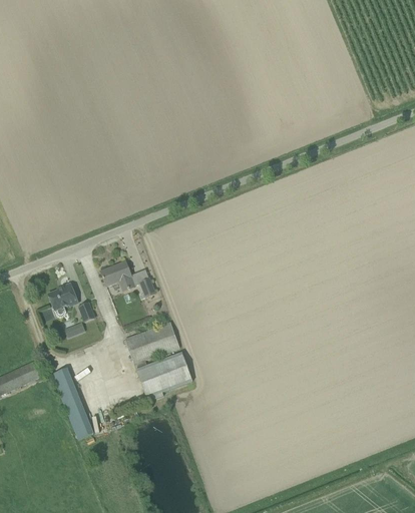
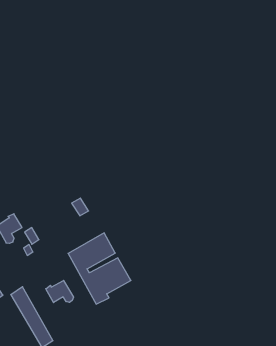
building: [100,261,134,290] -> none
building: none -> [46,280,73,303]

